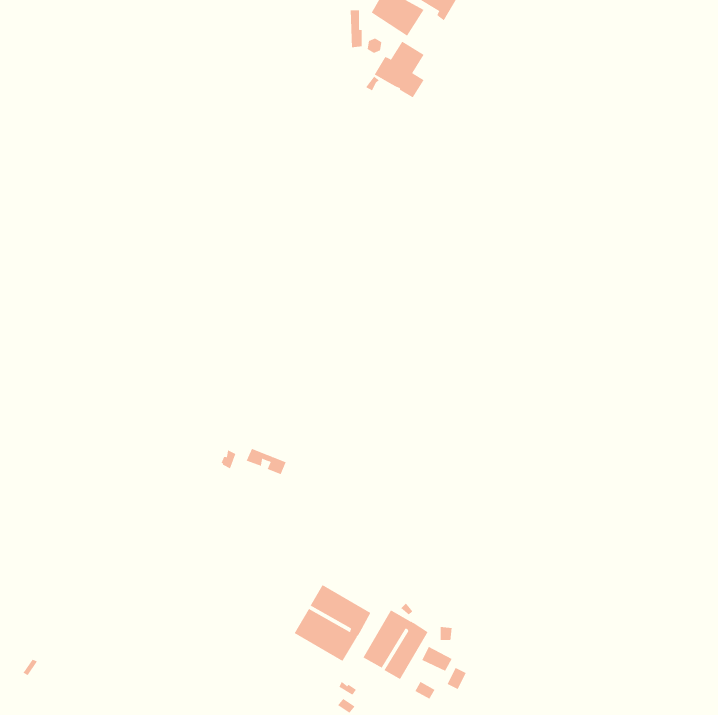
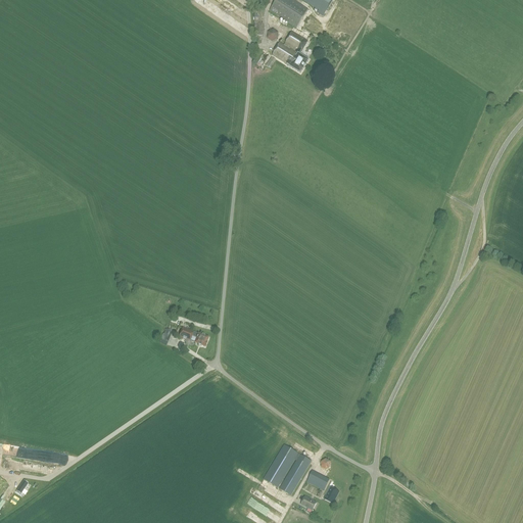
building: [294,584,371,662] -> none

